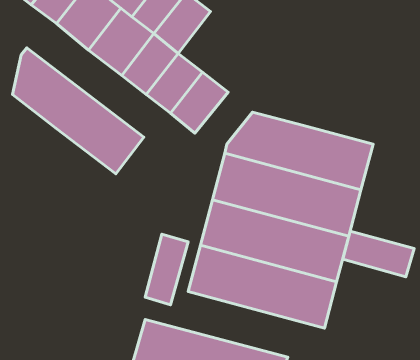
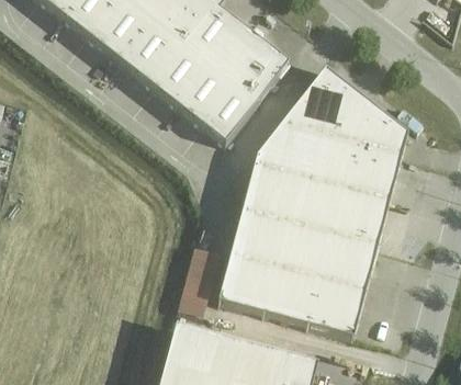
building: none -> [209,20,290,100]
building: [12,48,144,174] -> none
building: none -> [282,65,408,151]
building: [343,231,414,277] -> none

